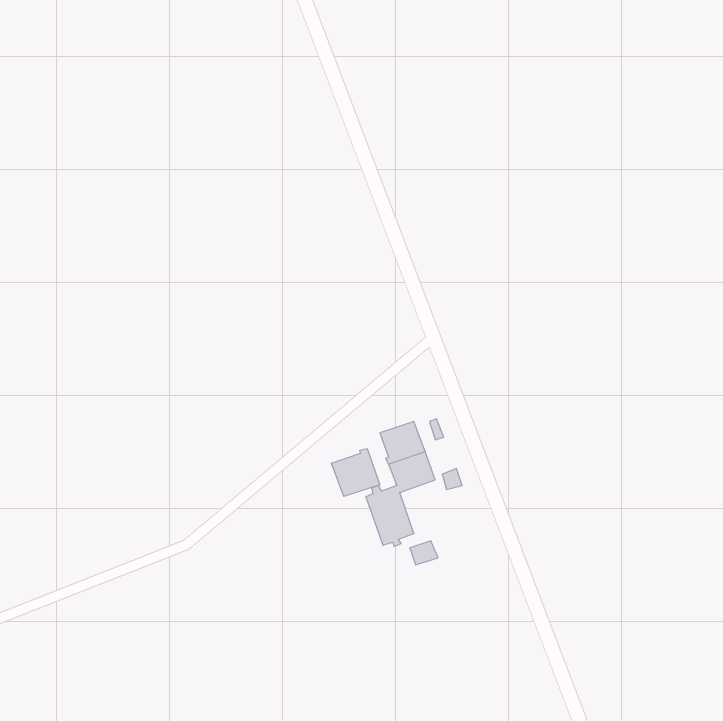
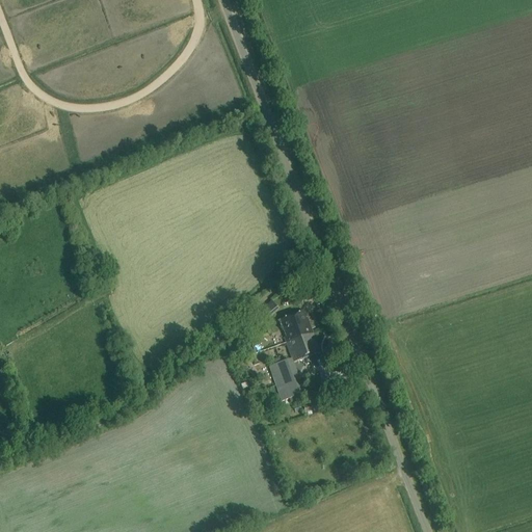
building: [332,449,380,496] -> none

